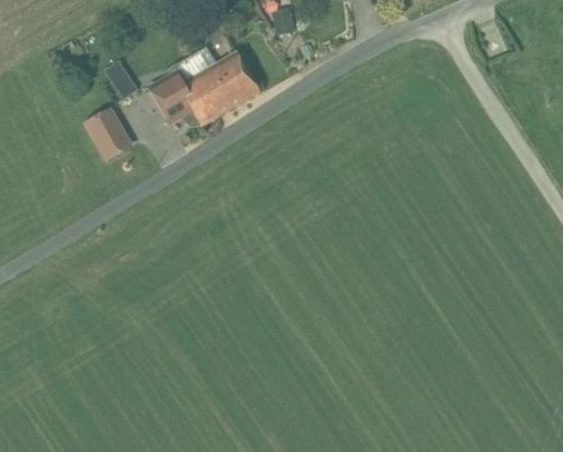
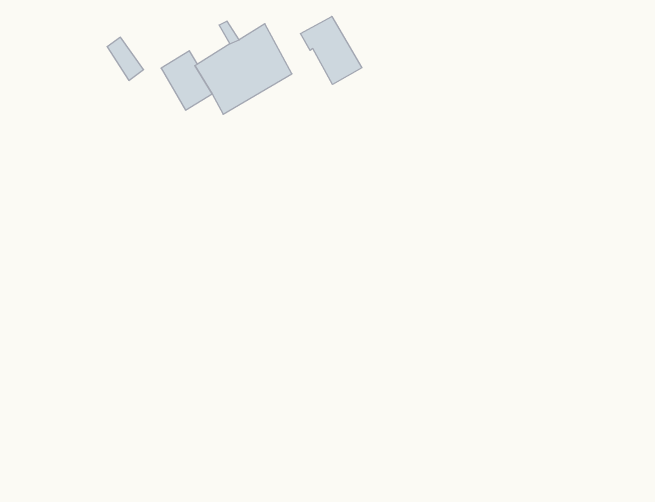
building: none -> [300,16,362,84]
building: [86,110,129,158] -> none

